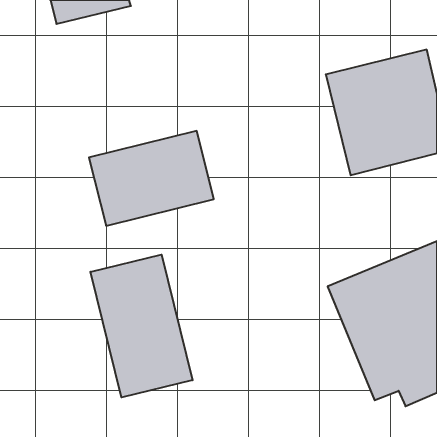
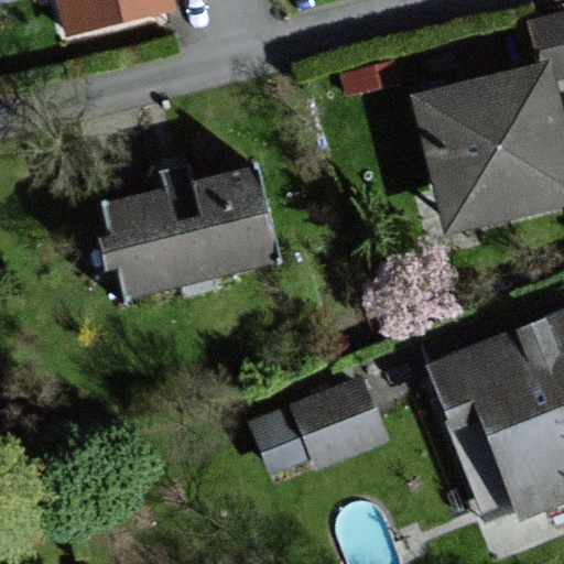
building: [90,255,193,397] -> none
building: none -> [285,376,390,475]

